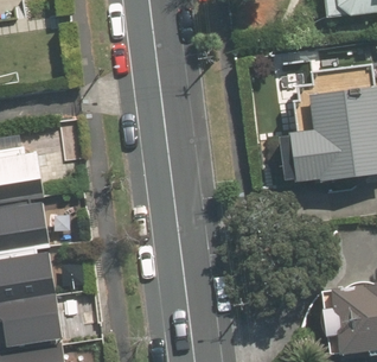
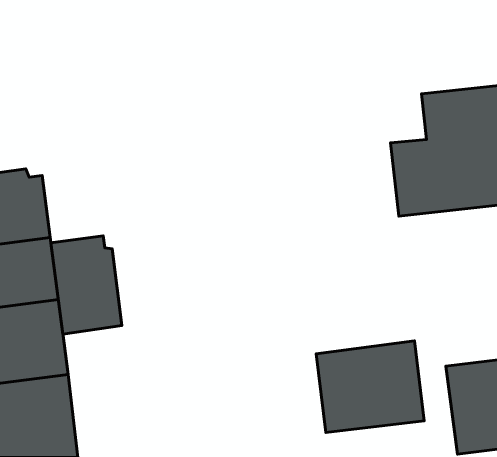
building: none -> [51,236,122,334]
building: none -> [316,341,424,433]

